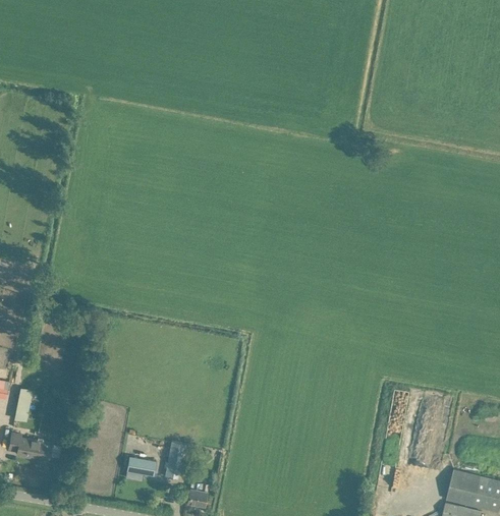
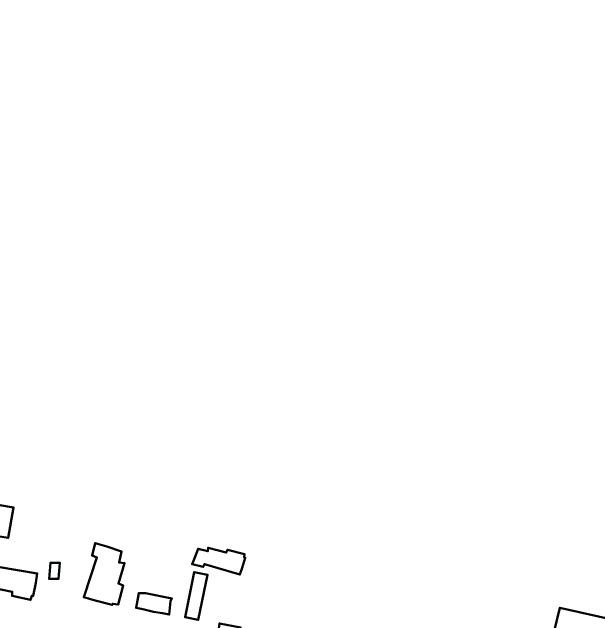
building: none -> [84,543,124,605]
building: none -> [192,548,245,575]

